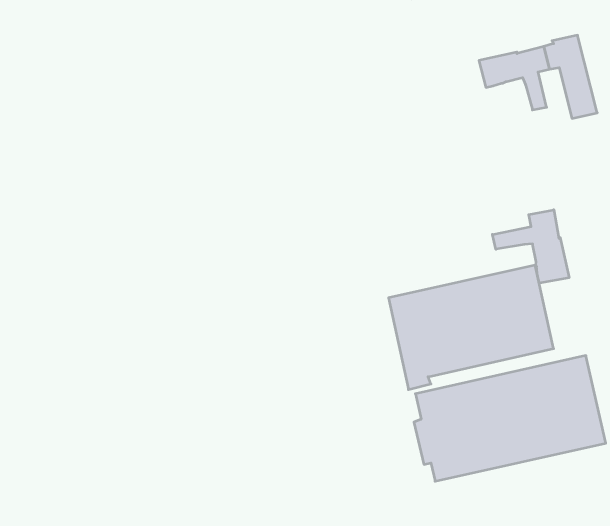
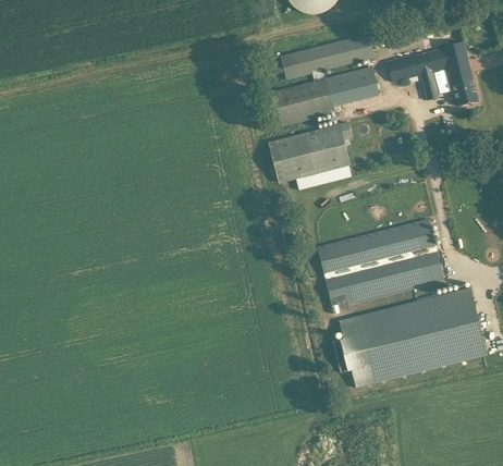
building: none -> [268,34,380,183]
building: [492,210,569,283] -> none

